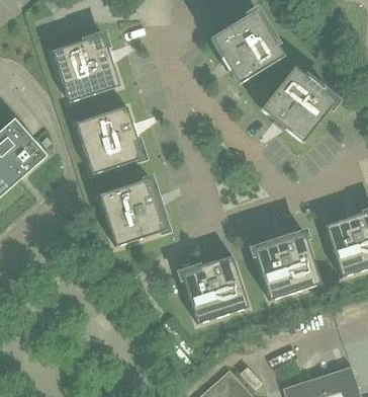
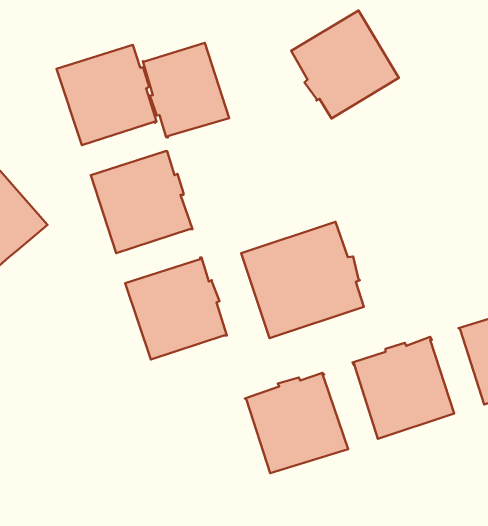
building: none -> [143,43,229,138]
building: [261,67,335,142] -> none
building: none -> [241,222,364,338]

